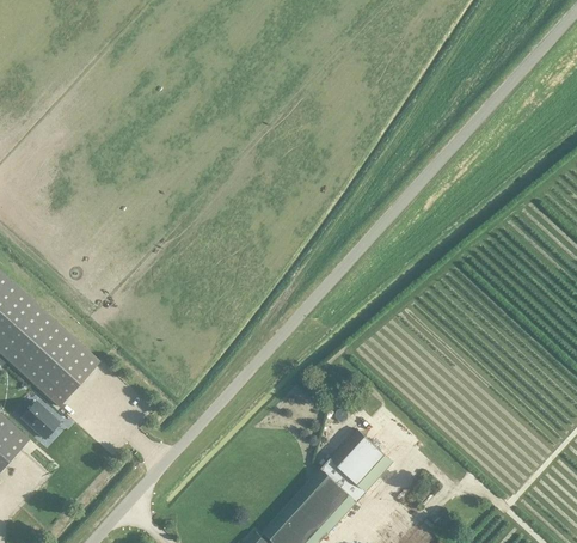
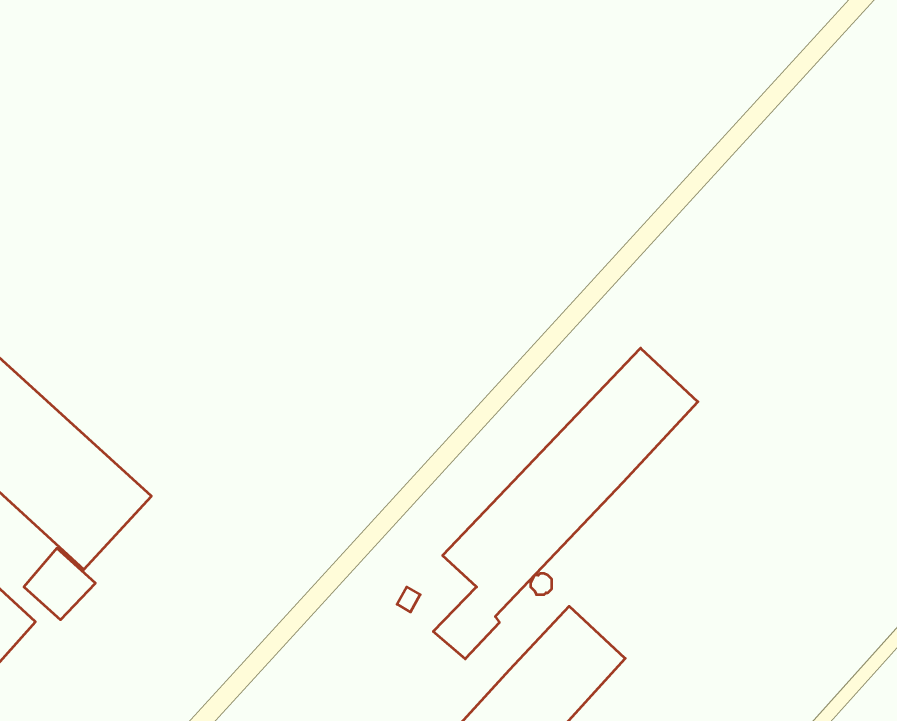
building: none -> [433,348,698,659]

